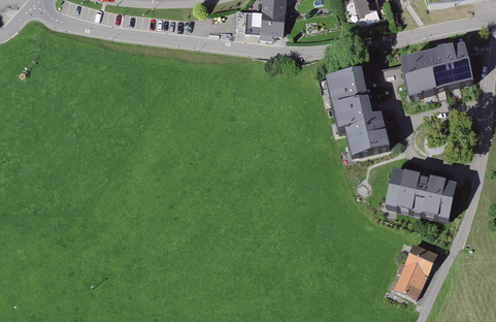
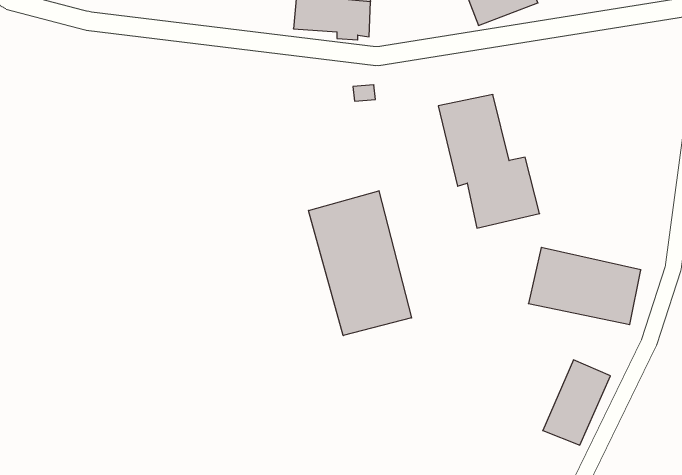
building: [401,43,473,95] -> none
building: none -> [309,191,412,336]

